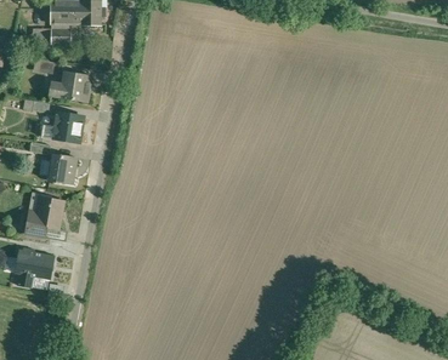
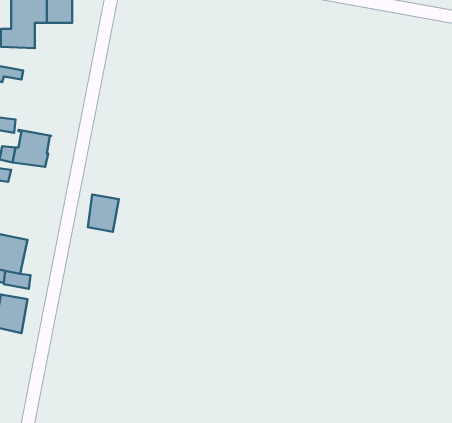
building: [46,69,91,101] -> none
building: [50,153,75,183] -> [88,195,119,232]

